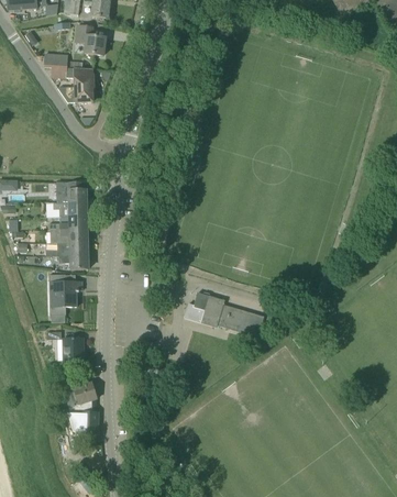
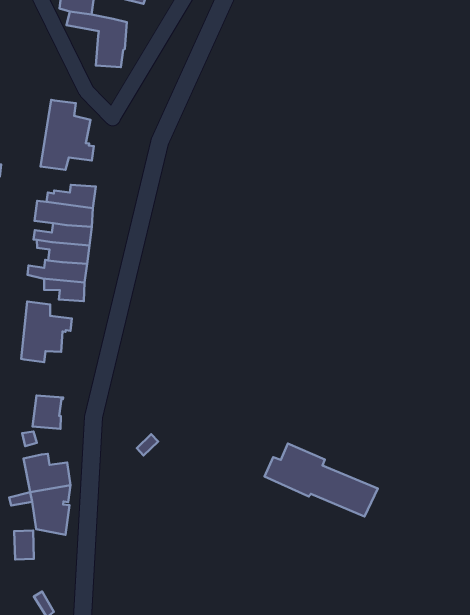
building: none -> [41,100,94,170]
building: [184,292,264,336] -> [264,444,378,517]

